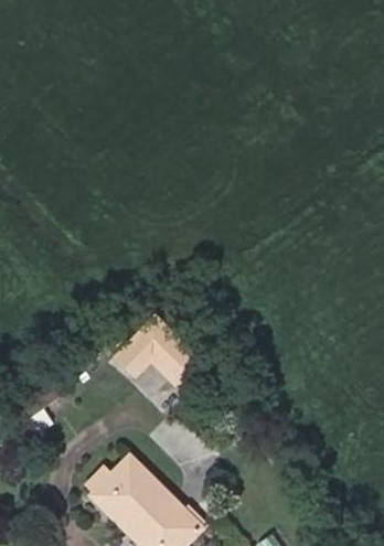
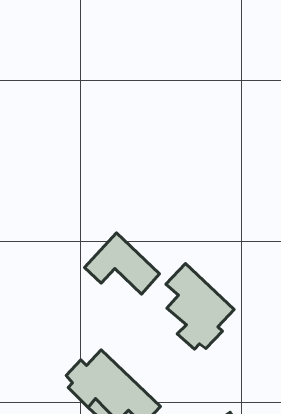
building: none -> [166,263,234,349]

